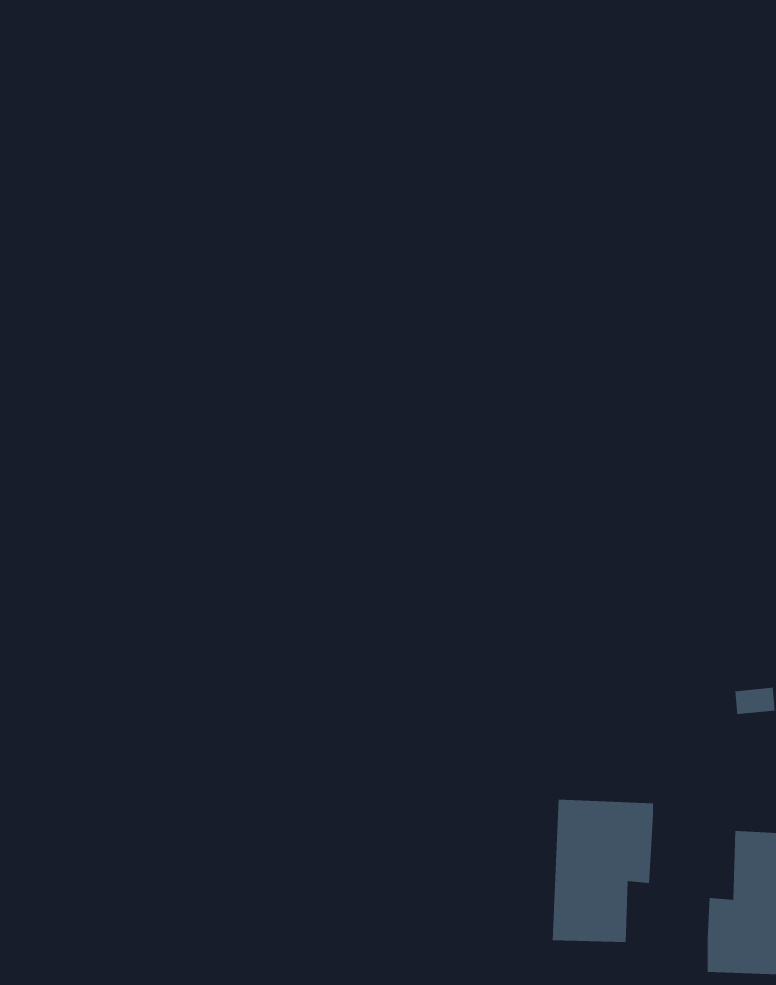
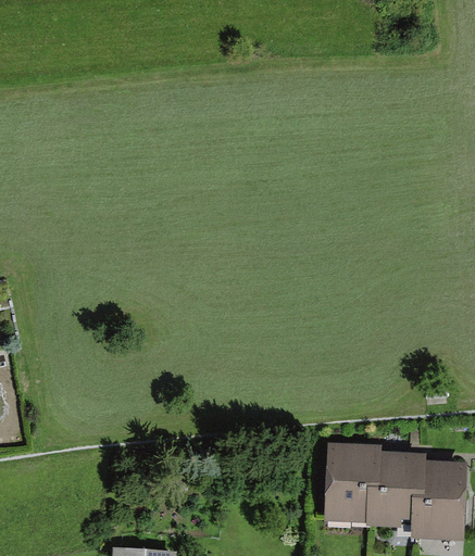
building: none -> [366,451,426,527]

